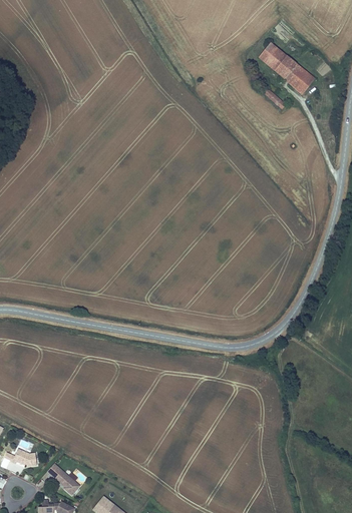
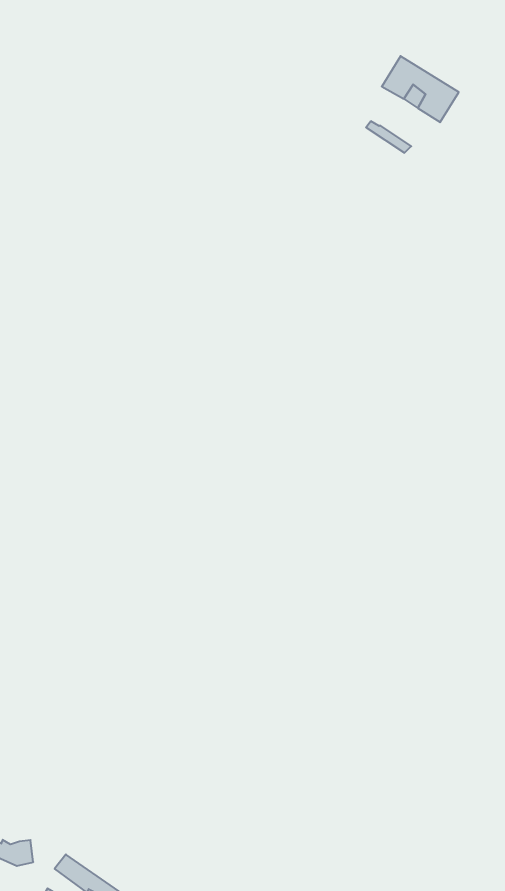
building: [258,43,285,71] -> none

